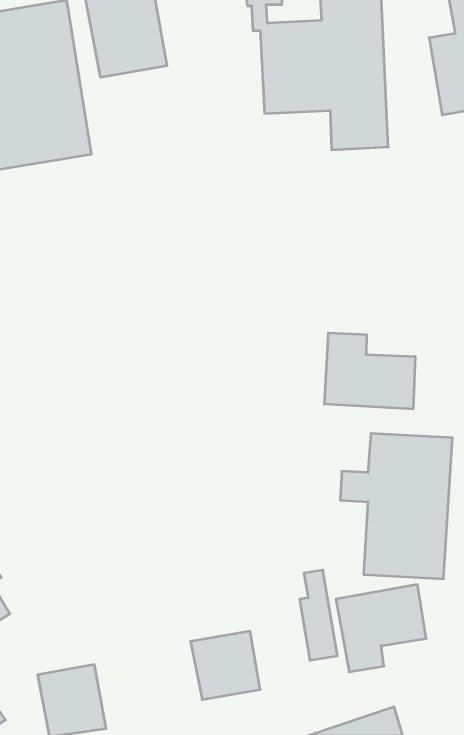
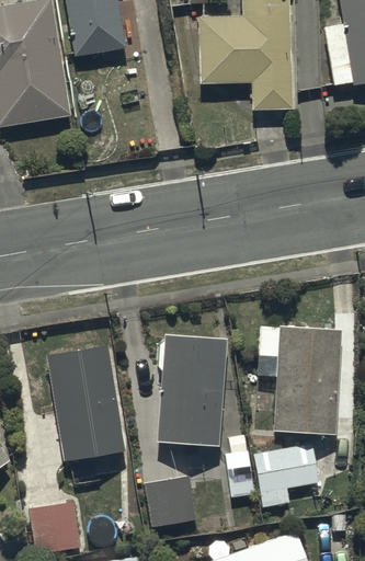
building: [324,333,415,409] -> none
building: none -> [157,336,226,448]
building: none -> [46,344,126,463]

